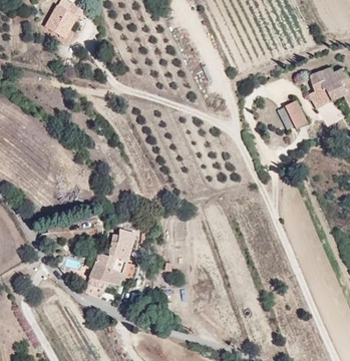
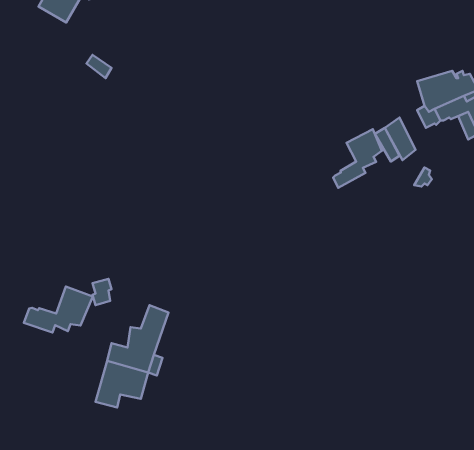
building: none -> [333,129,382,188]
building: none -> [24,286,93,333]

